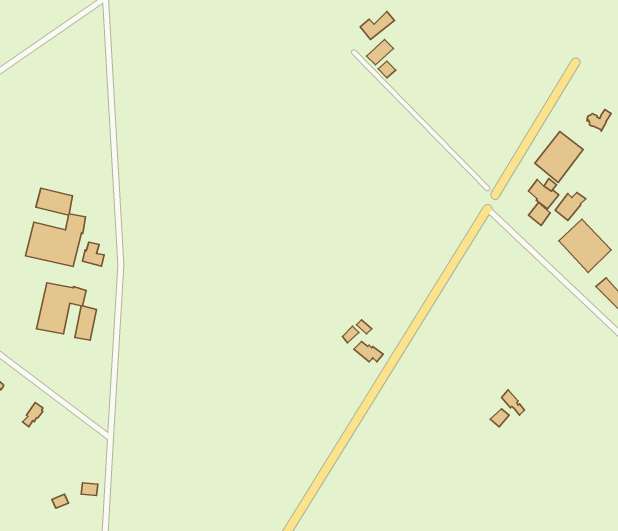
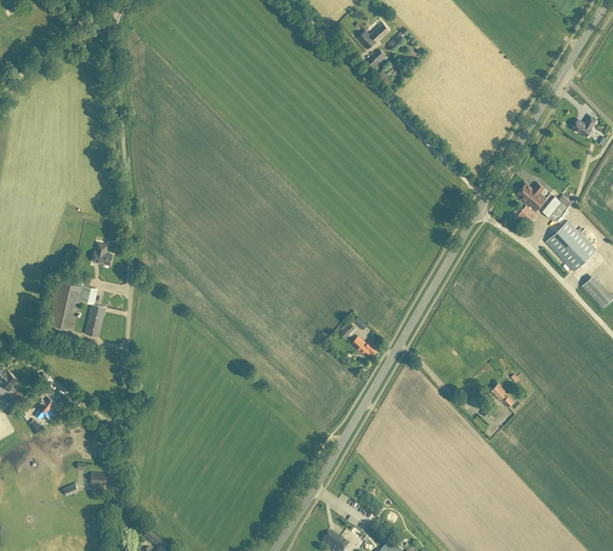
building: [535,131,583,182] -> none
building: [25,188,85,266] -> none

